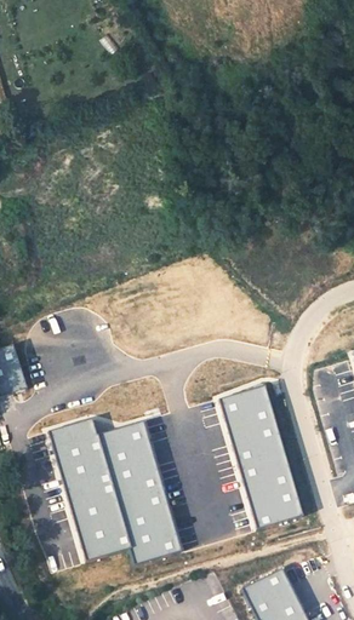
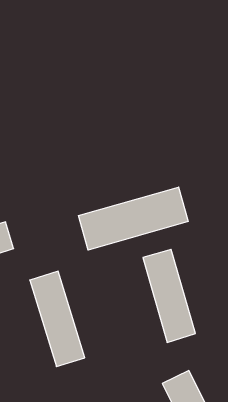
building: none -> [78,187,188,250]
building: [99,421,178,558] -> none

